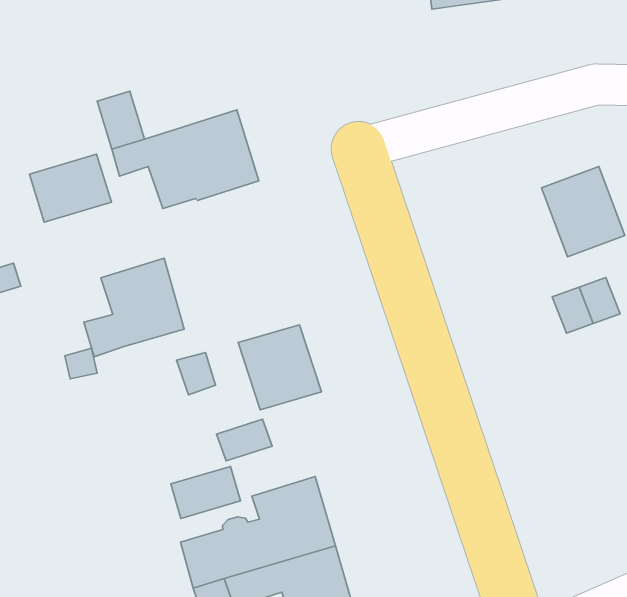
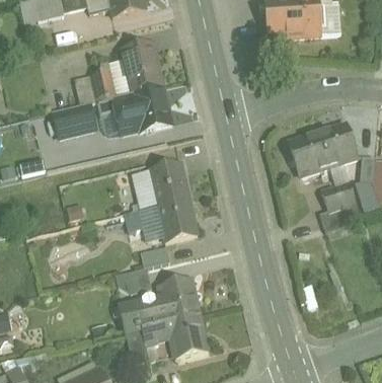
building: none -> [121,41,163,92]
building: none -> [291,135,329,179]
building: [84,258,184,357] -> [137,160,188,209]

